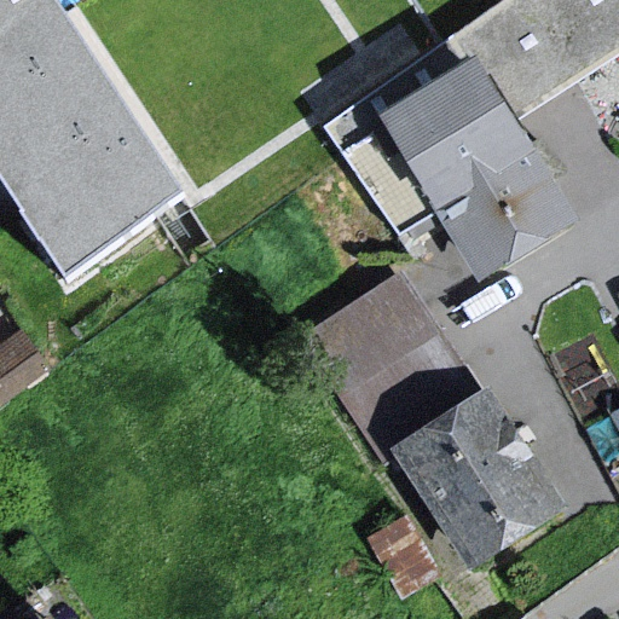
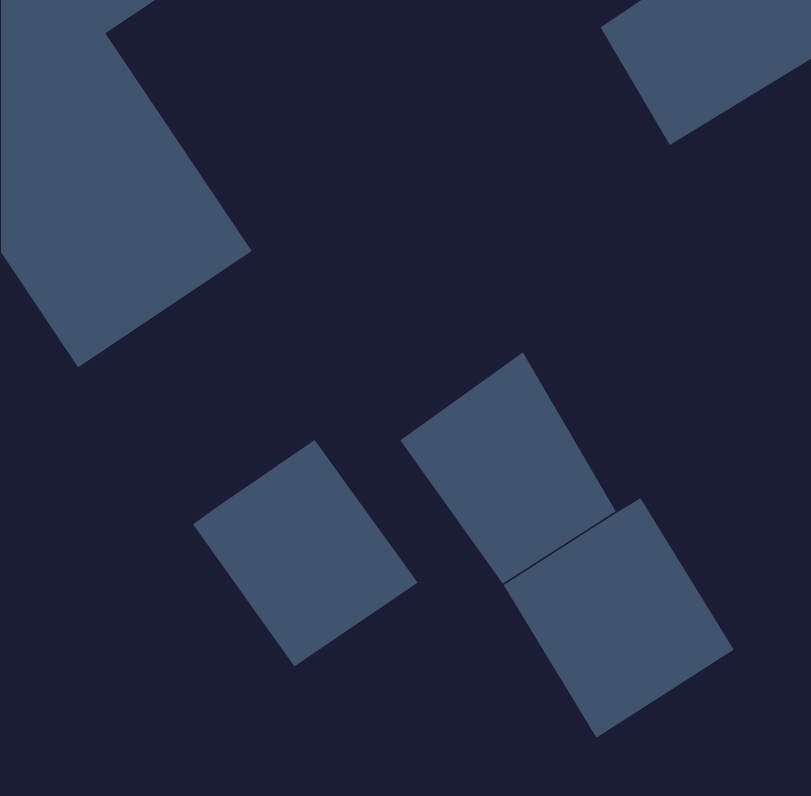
building: [340,51,578,267] -> none
building: none -> [192,439,419,668]

